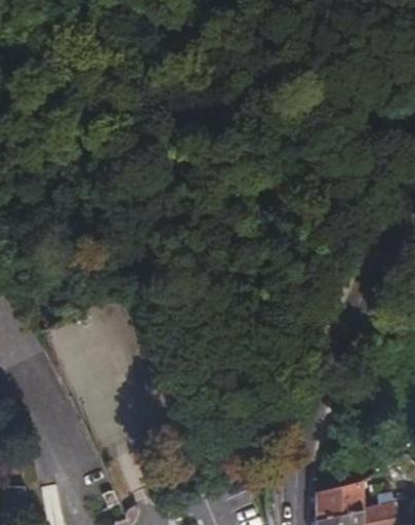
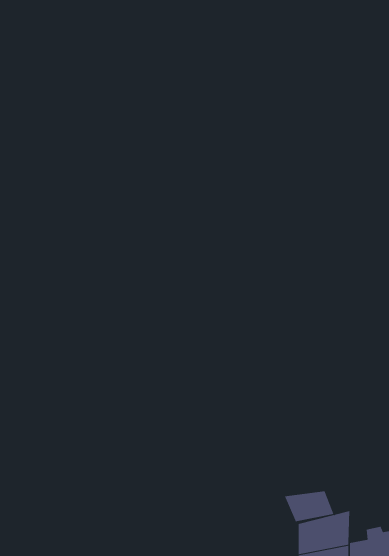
building: none -> [284,491,334,522]

